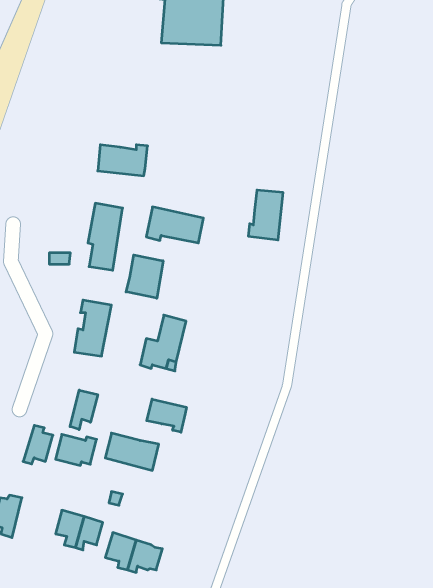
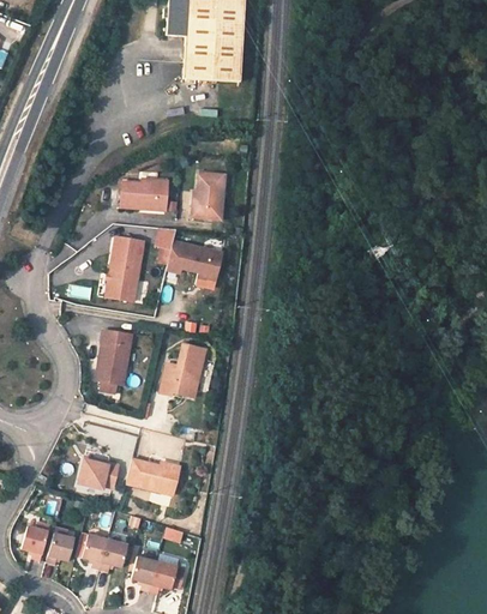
building: [248,190,283,240] -> [192,171,226,219]
building: [126,255,163,298] -> none
building: [70,390,98,430] -> none
building: [147,399,186,432] -> none
building: [23,425,53,464] -> [44,524,73,561]

